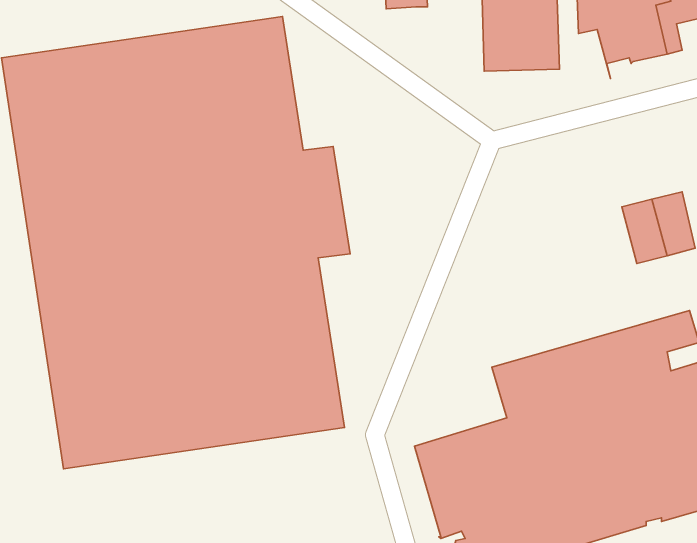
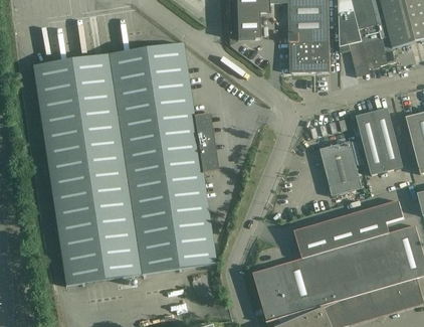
building: none -> [357,108,396,145]
building: none -> [321,141,363,196]

